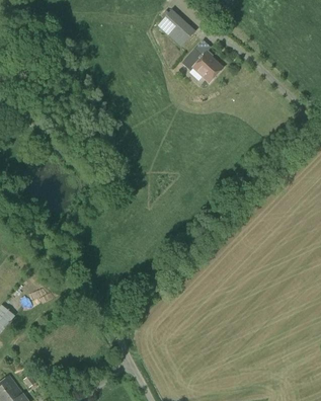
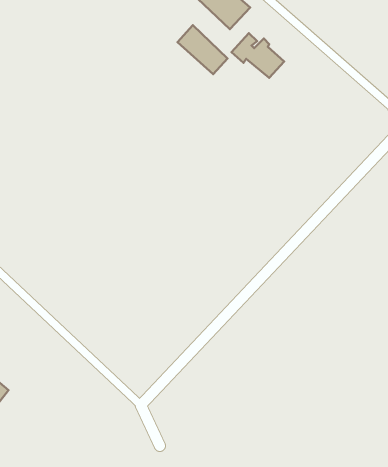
building: none -> [177,25,228,74]

